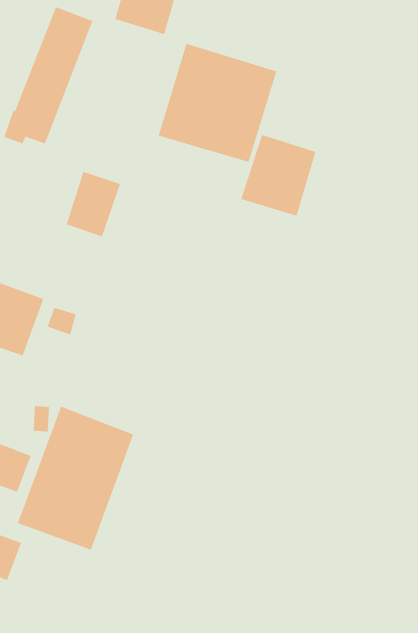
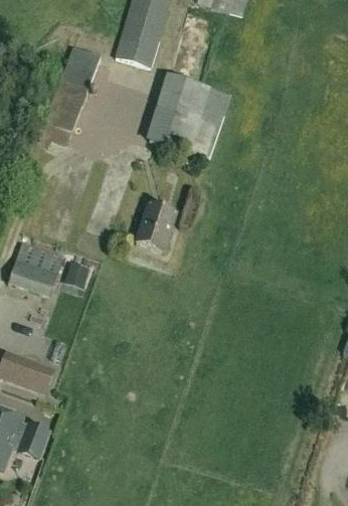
building: [241,134,316,216] -> none
building: [66,171,121,237] -> [137,202,176,249]
building: [17,406,134,550] -> none

